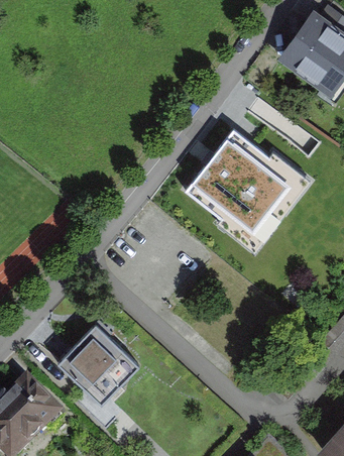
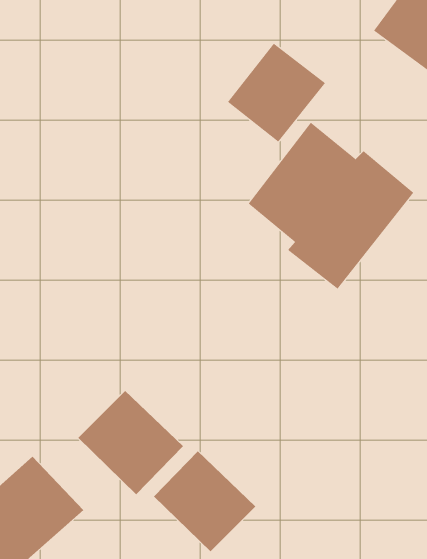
building: none -> [227,43,326,142]
building: none -> [153,451,256,552]

